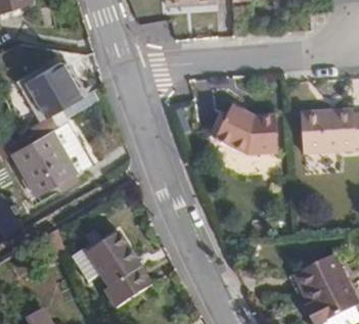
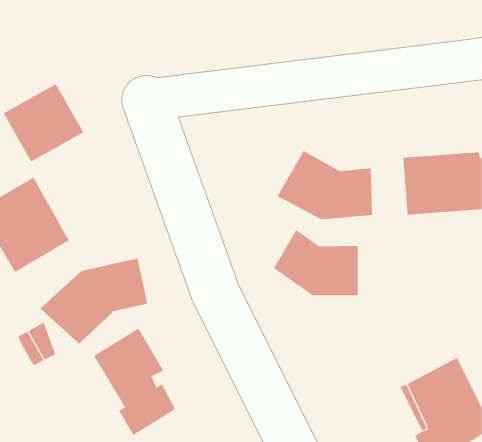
building: none -> [273,229,358,296]
building: none -> [39,257,148,344]

